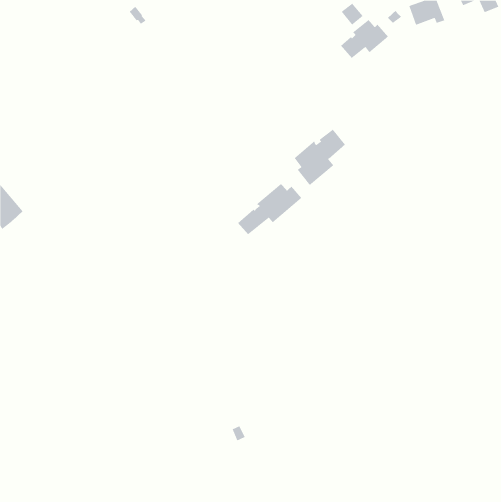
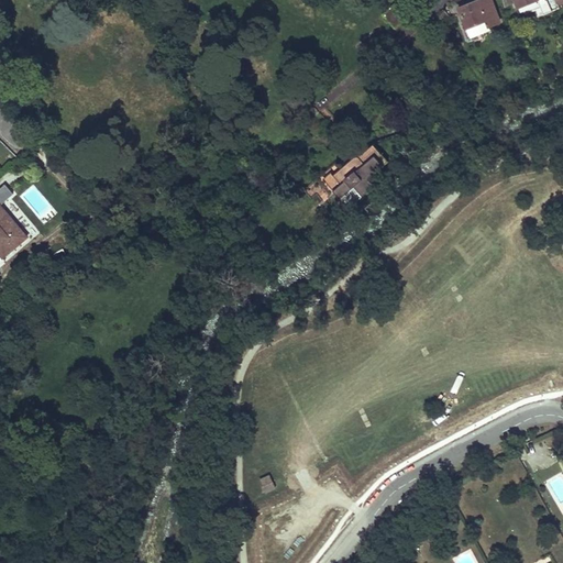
building: [340,19,389,59] -> none
building: [237,183,302,235] -> none

